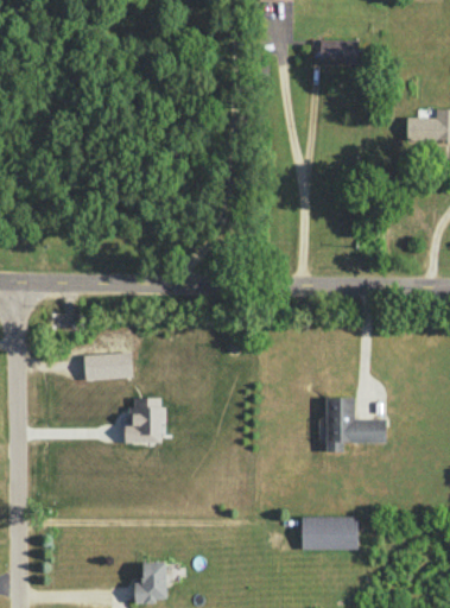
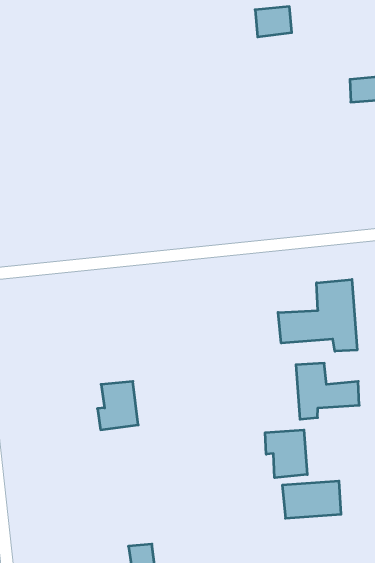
building: none -> [278,279,357,351]
building: [84,354,133,380] -> none
building: none -> [265,430,307,478]

